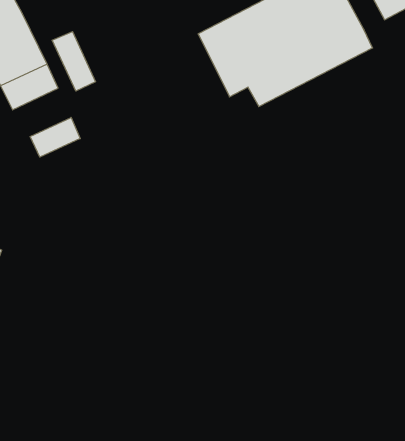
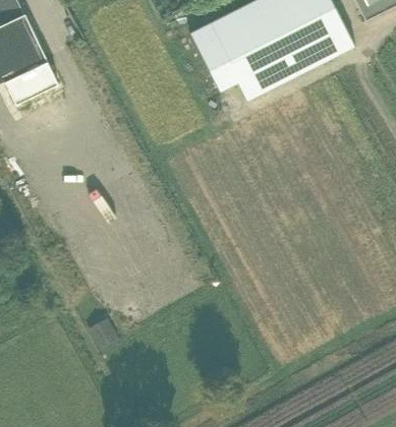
building: [52,32,95,91] -> none
building: [30,117,80,157] -> none

